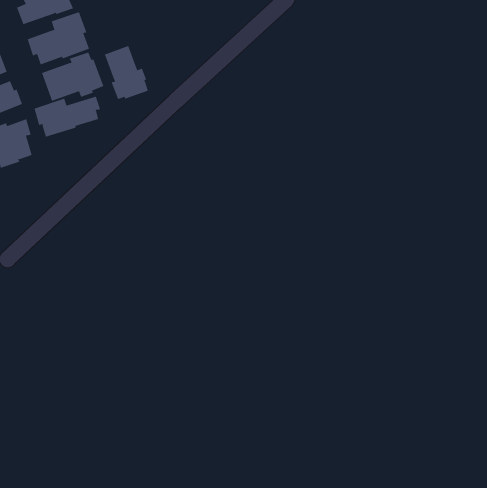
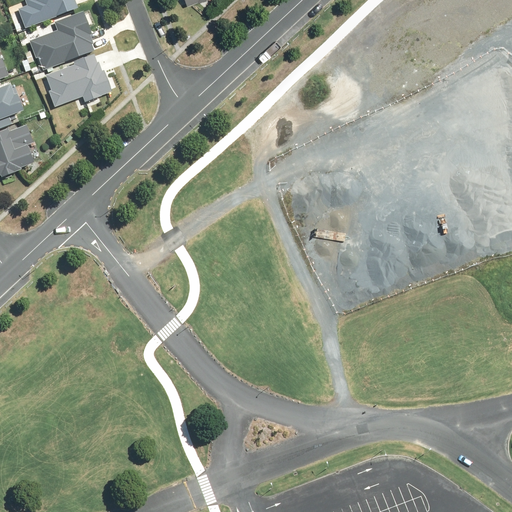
building: [104,45,149,100] -> none
building: [34,96,101,137] -> none

